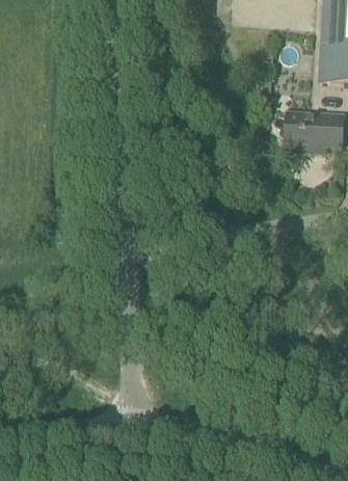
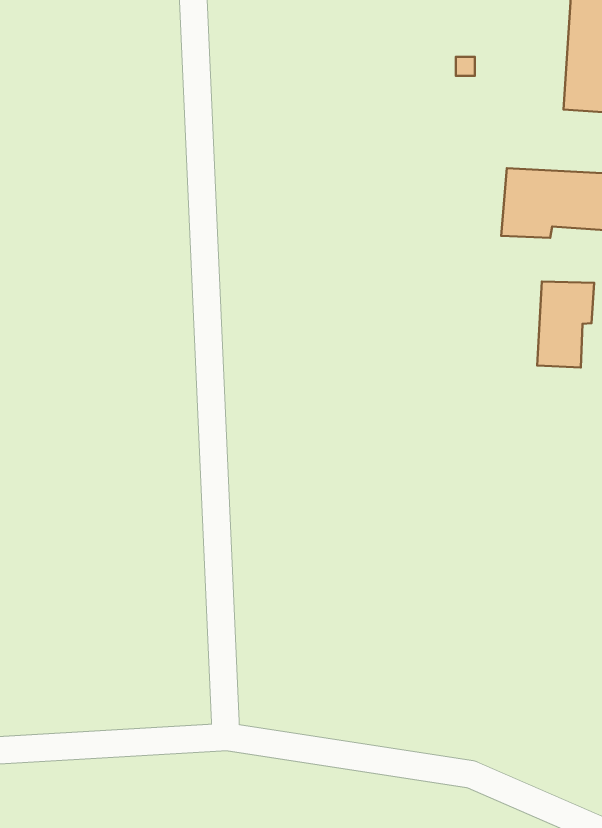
building: none -> [537,281,594,367]

